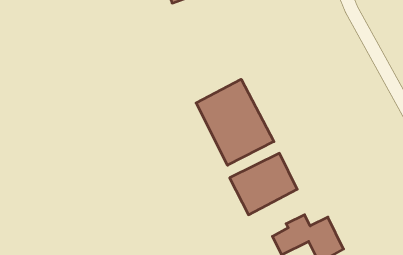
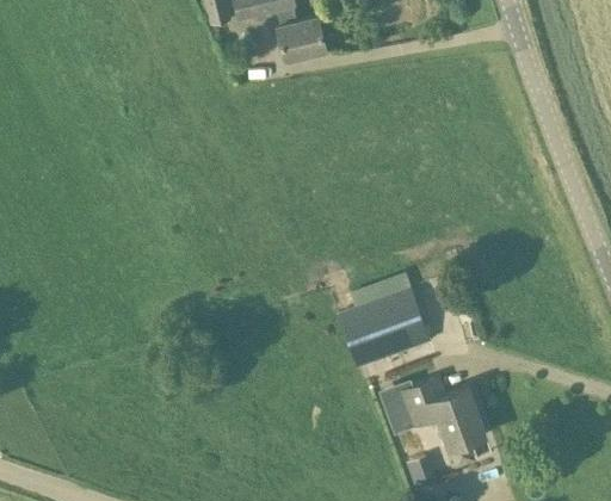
building: [196,79,274,165] -> none

